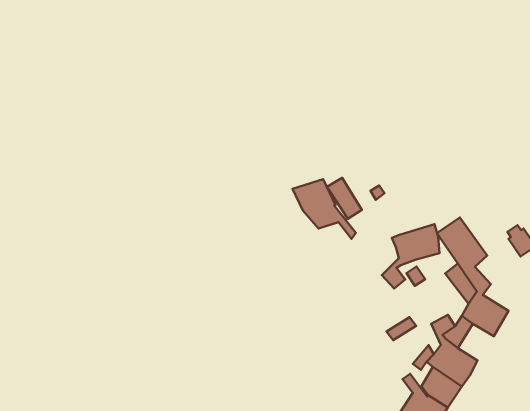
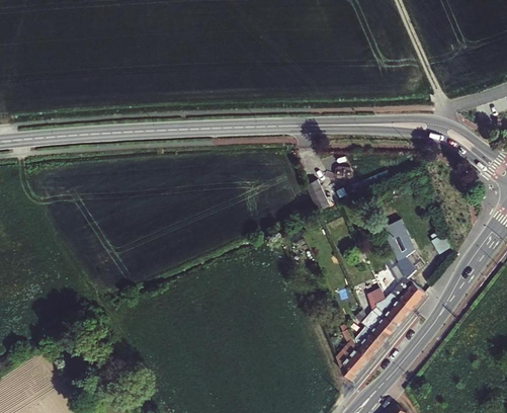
building: [293,179,356,239] -> none
building: [382,224,440,289] -> none
building: none -> [387,302,414,329]

